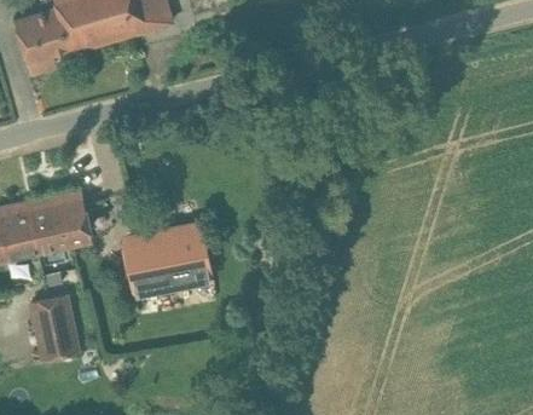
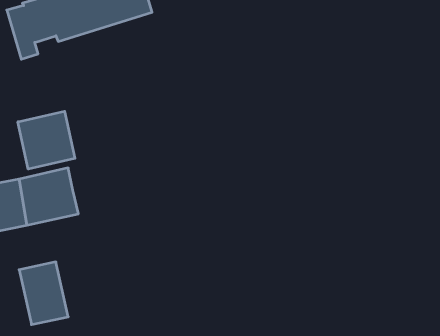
building: none -> [18,111,75,169]
building: [123,230,210,298] -> none

